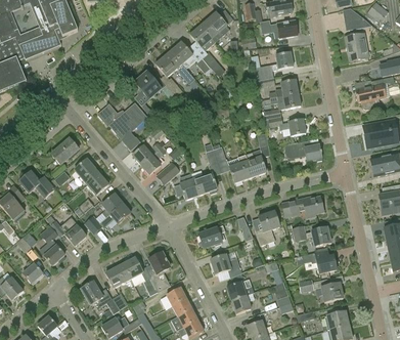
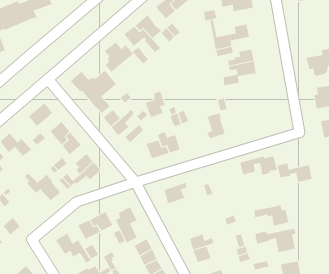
building: [344,33,368,61] -> none
building: [263,117,305,136] -> none
building: [284,140,321,162] -> none
building: [228,154,251,183] -> [145,91,165,118]
building: [256,211,279,245] -> none
building: [292,225,330,247] -> [277,163,312,182]
building: [39,226,64,265] -> none
building: [210,255,241,278] -> none

